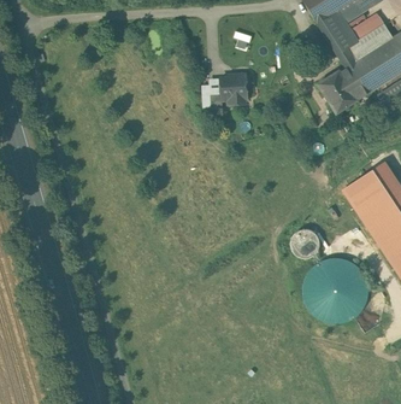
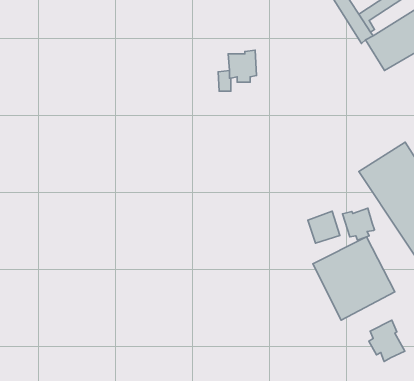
building: [318,64,366,113] -> none
building: none -> [342,208,375,240]
building: none -> [369,320,405,361]

